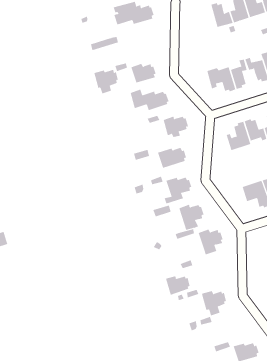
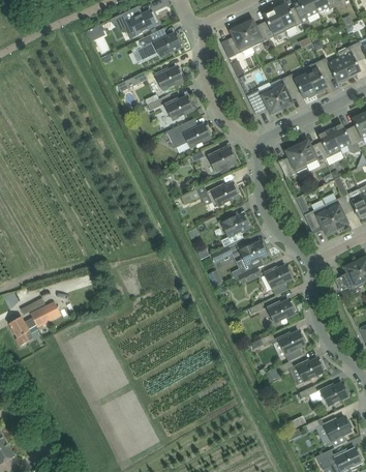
building: none -> [221,23,251,58]
building: [93,69,119,94] -> [155,66,184,95]
building: [165,275,191,296] -> [267,300,296,324]
building: none -> [296,358,325,382]

